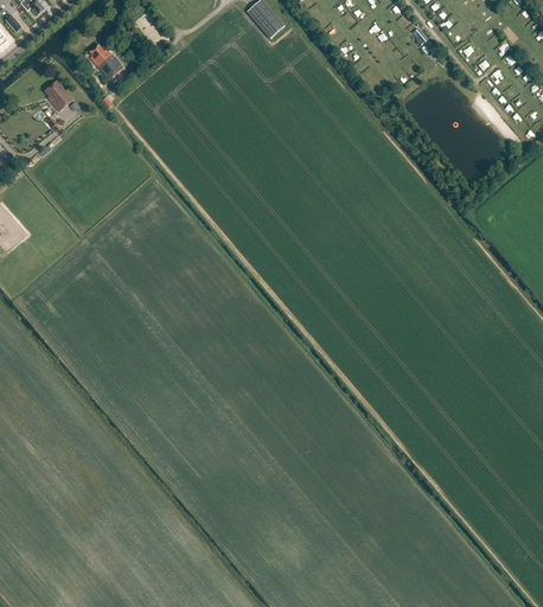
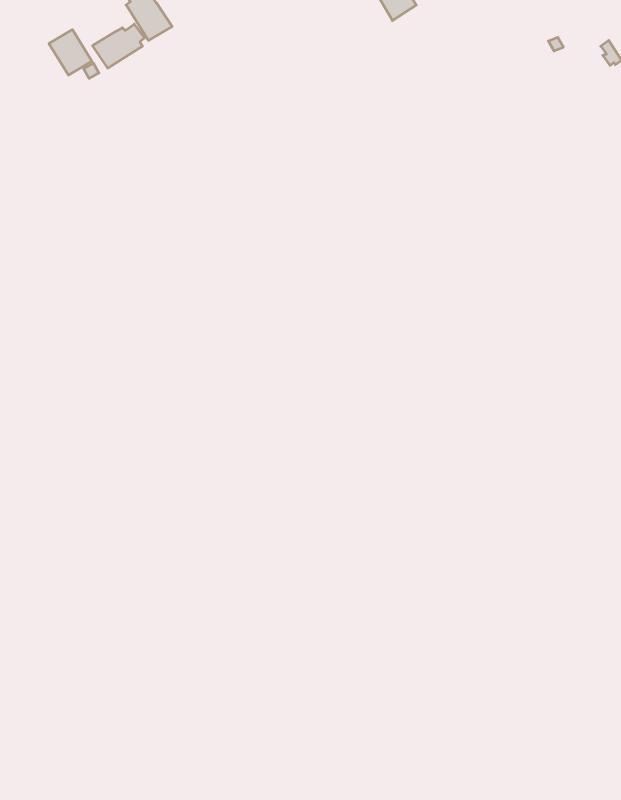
building: none -> [93,24,145,68]

